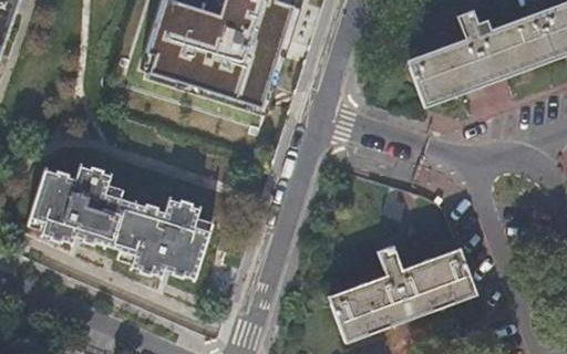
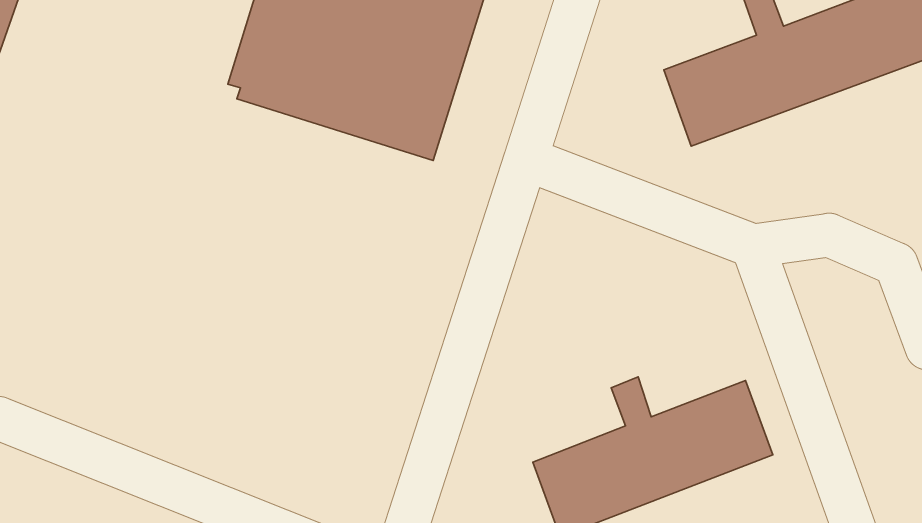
building: [30,168,212,278] -> none

